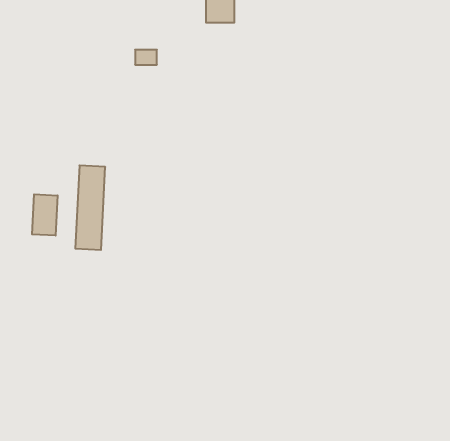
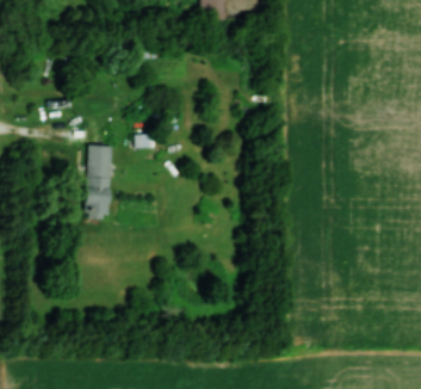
building: [32,194,58,236] -> none

